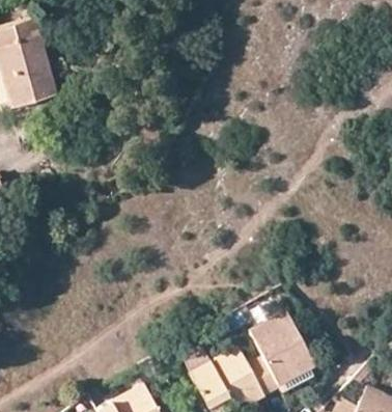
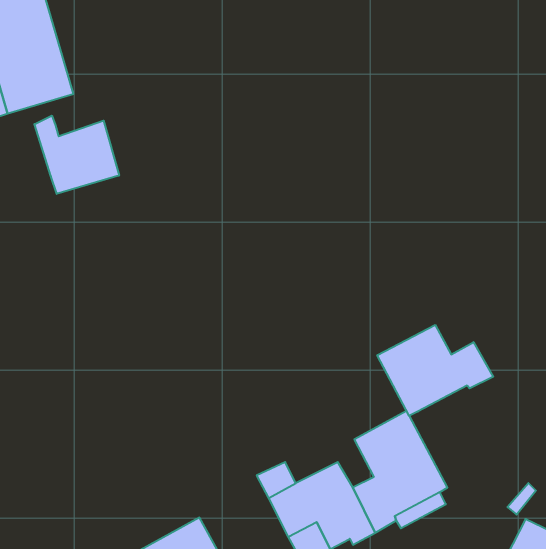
building: none -> [34,116,119,194]
building: none -> [377,325,493,416]

